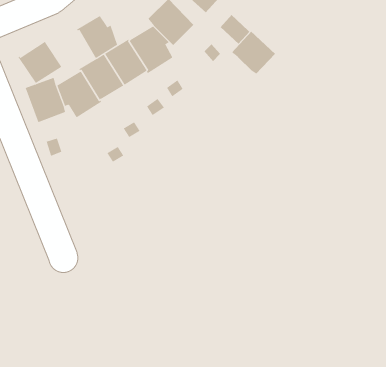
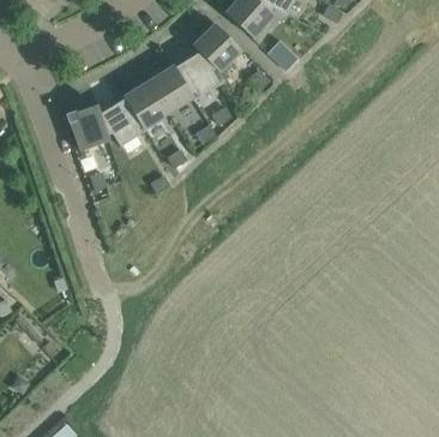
building: [76,15,118,59] -> none
building: [231,31,276,74] -> none
building: [18,41,62,84] -> none

